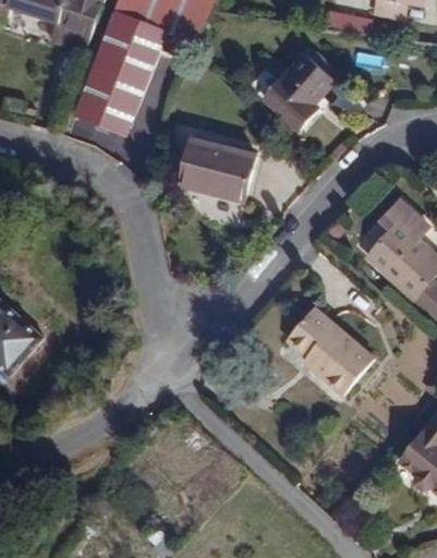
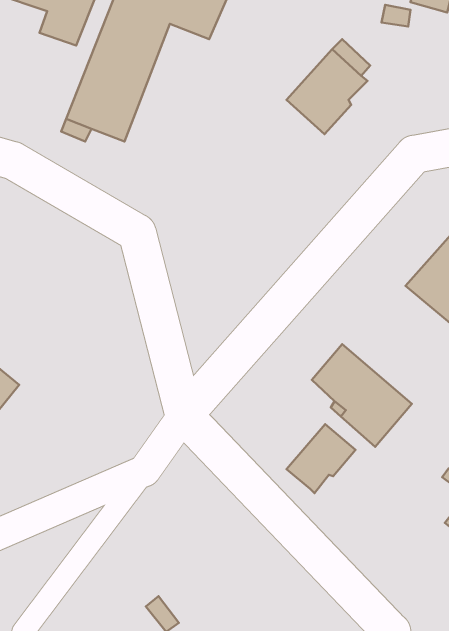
building: [180,136,254,199] -> none
building: none -> [287,424,355,493]

